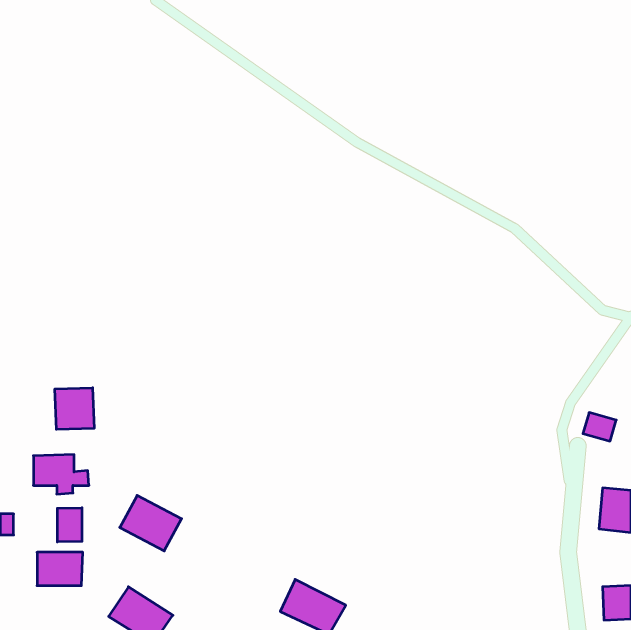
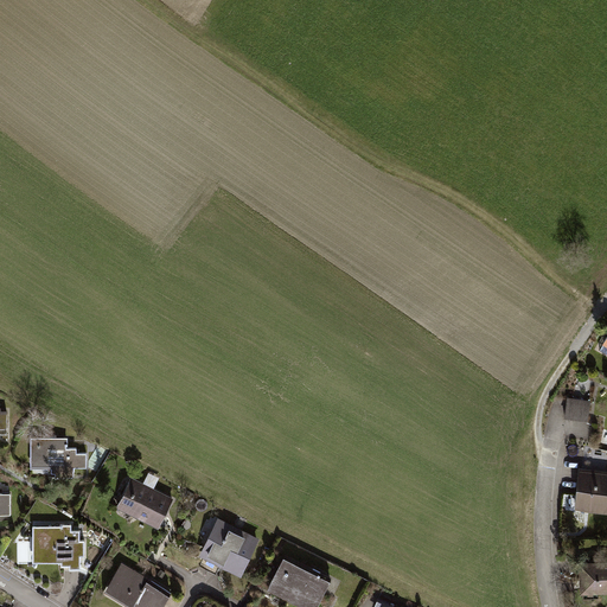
building: [55,388,94,429] -> none
building: [57,508,82,542] -> none
building: none -> [198,523,261,576]

